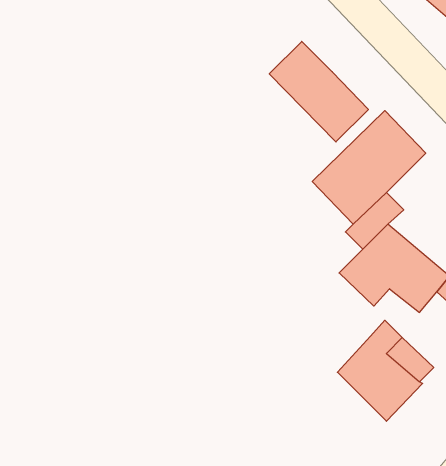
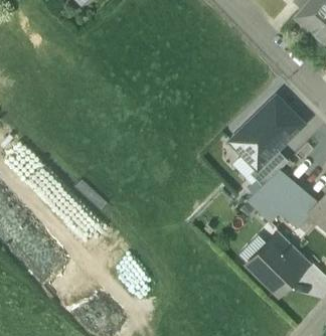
building: [269,41,368,142] -> none

